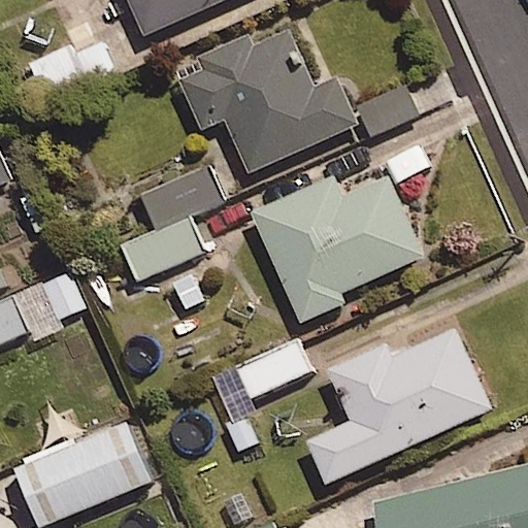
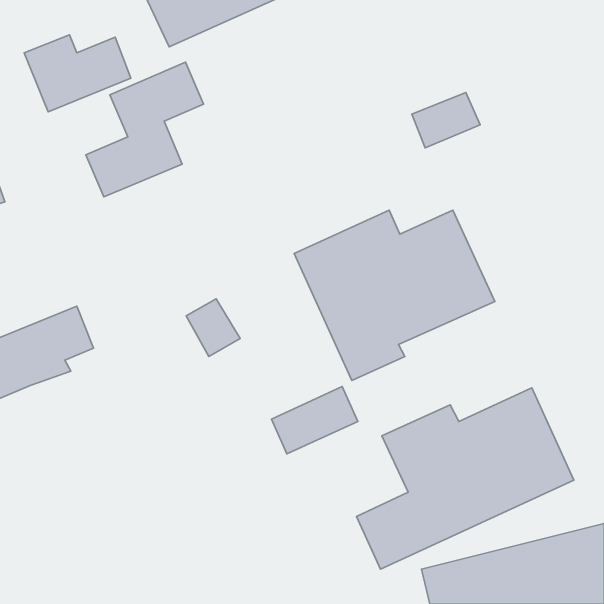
building: [179,34,359,176] -> none
building: [117,156,218,271] -> [86,62,204,197]
building: [15,419,143,513] -> none

